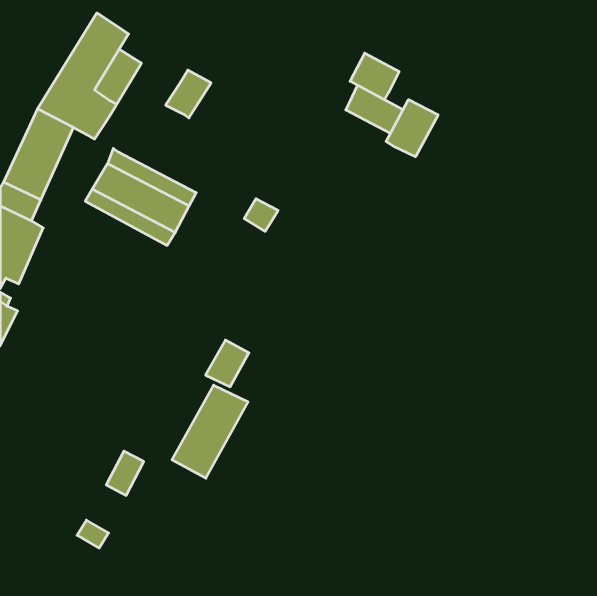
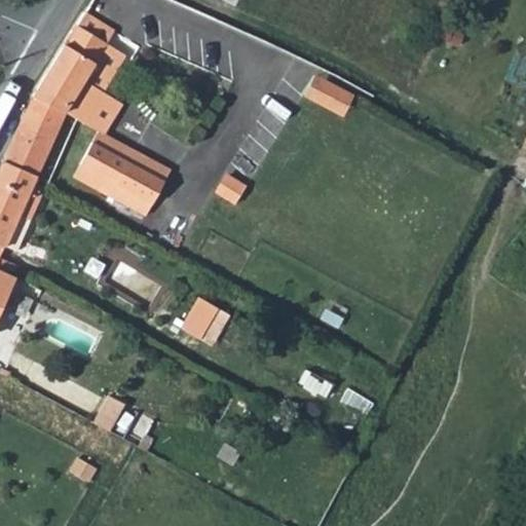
building: [350,53,399,100] -> none
building: [166,70,211,118] -> [83,91,123,134]
building: [386,100,438,157] -> none
building: [172,385,248,478] -> none

